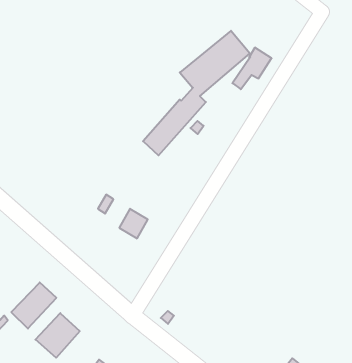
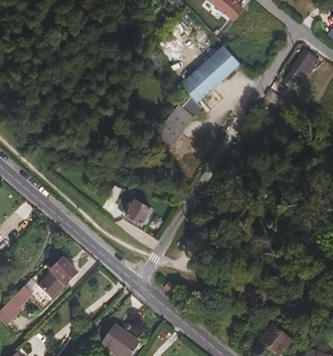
building: [232,48,272,89] -> [286,50,319,85]
building: [35,313,80,358] -> none

